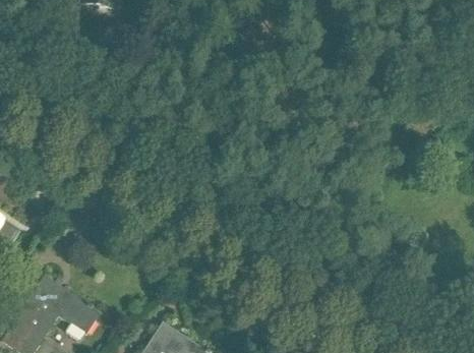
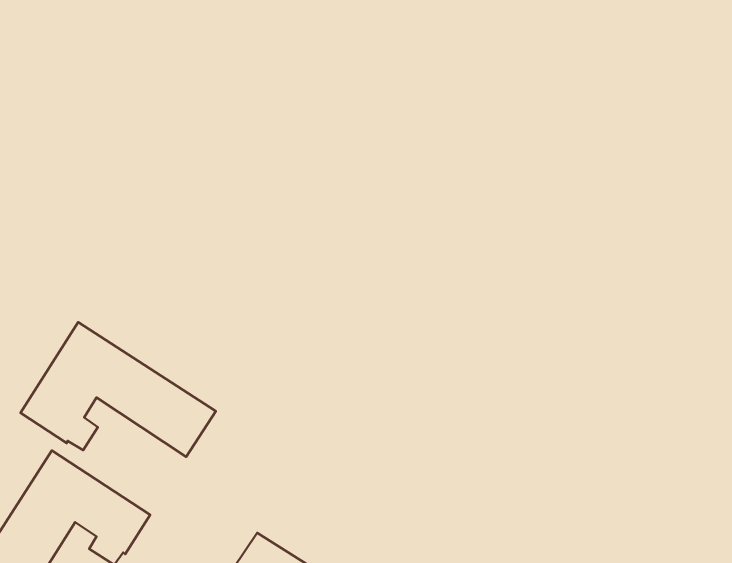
building: none -> [21,322,216,457]

